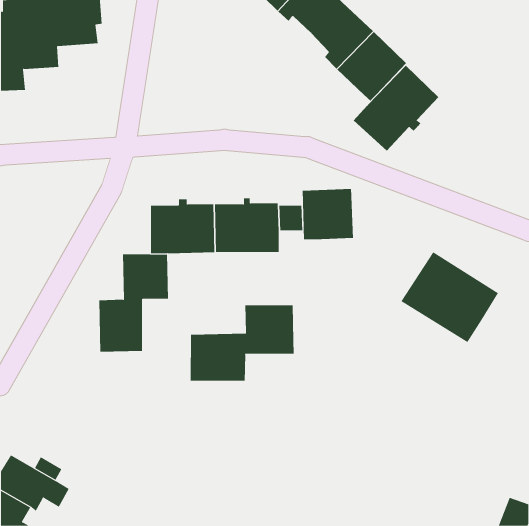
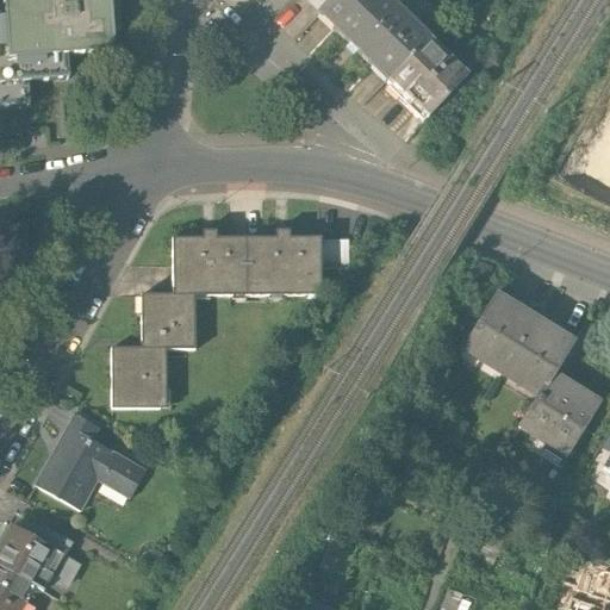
building: [353,65,439,152] -> none
building: [302,188,354,240] -> none
building: [190,305,294,382] -> none
building: none -> [517,368,602,460]
building: none -> [35,415,144,510]

